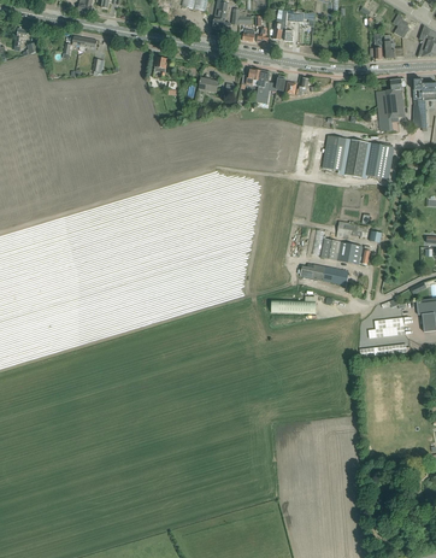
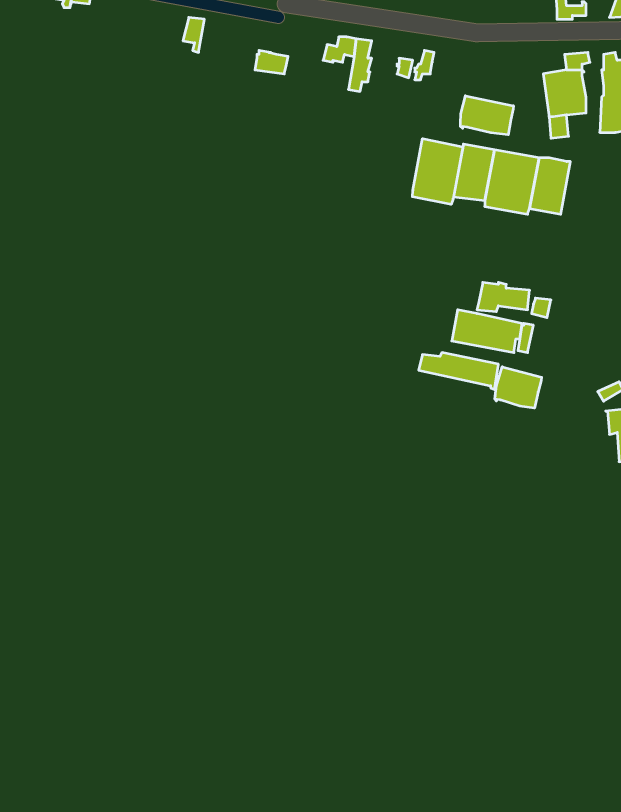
building: none -> [460,96,513,135]
building: none -> [412,139,463,204]
building: none -> [495,367,542,408]

